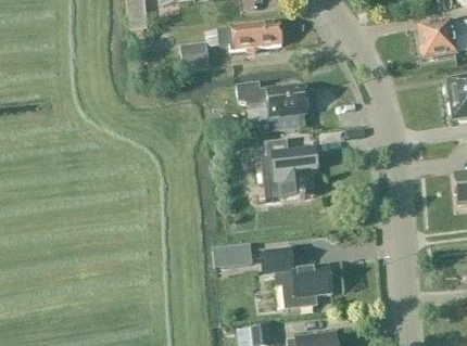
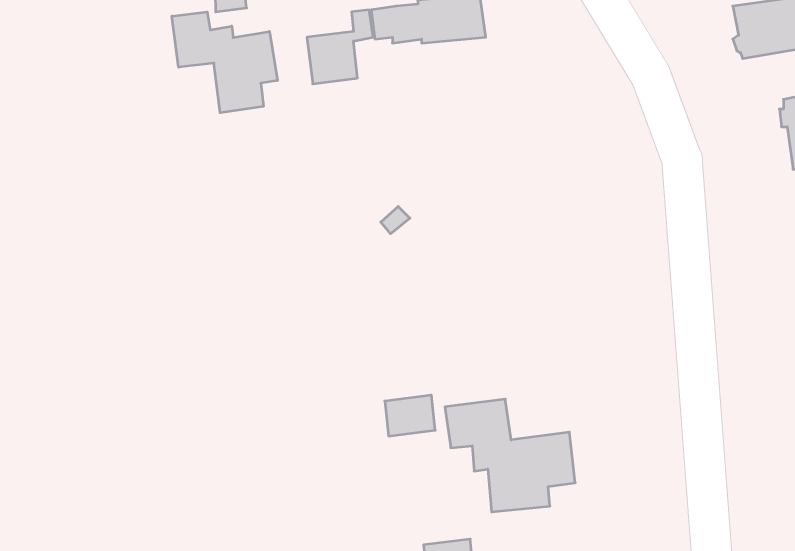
building: none -> [172,12,277,113]
building: [236,81,308,116] -> none
building: [260,138,316,198] -> none

